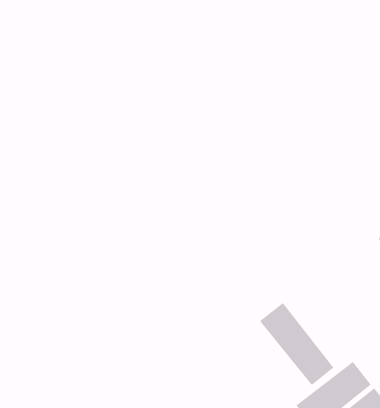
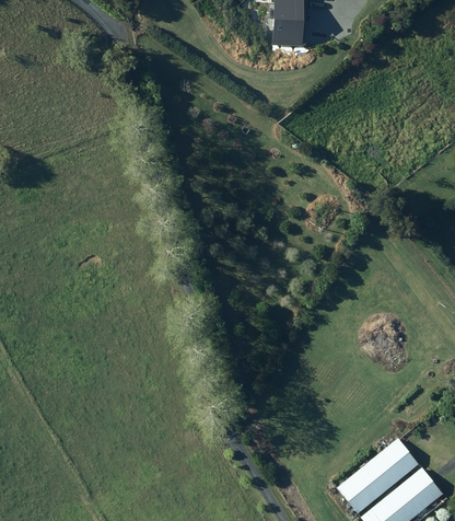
building: [259,302,334,386] -> none

